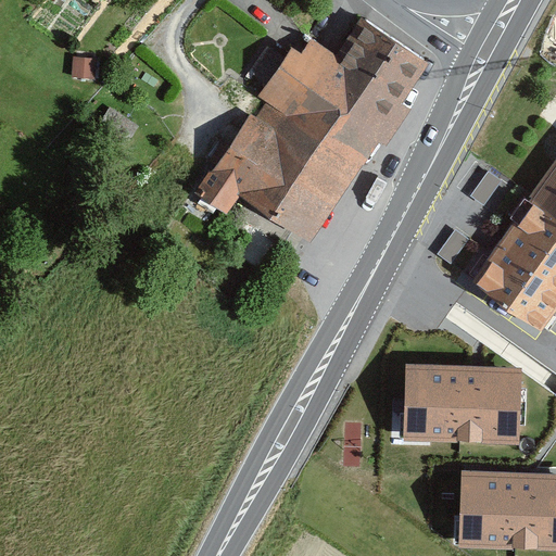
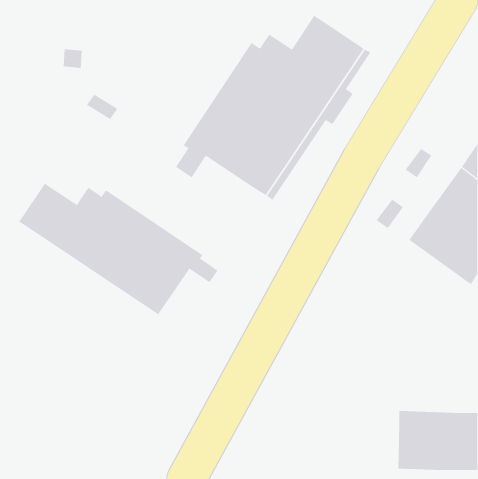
building: none -> [19,183,218,315]
building: [404,366,518,443] -> none

